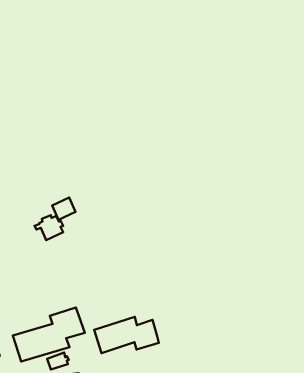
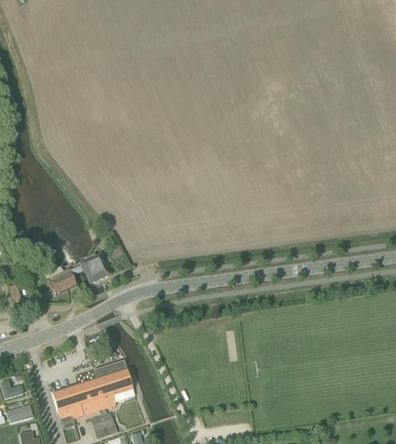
building: [52,197,76,220] -> [47,269,74,294]
building: [94,317,159,353] -> none

